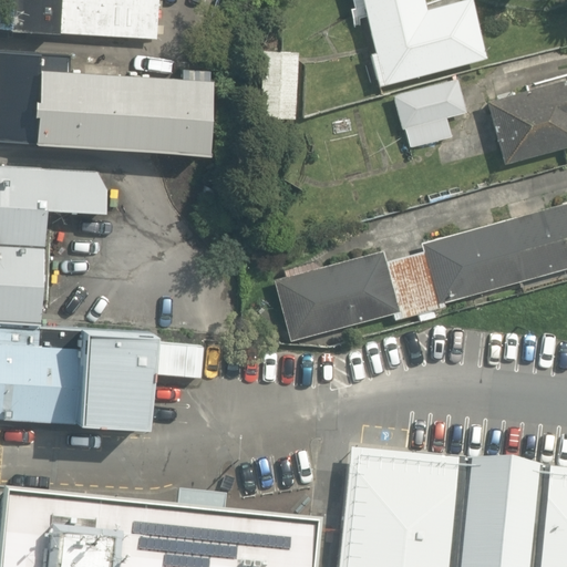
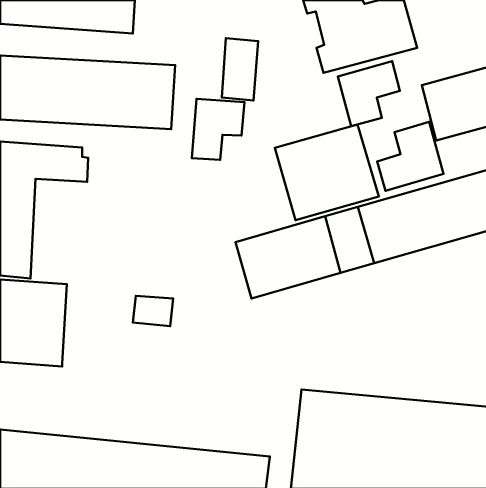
building: none -> [192,99,244,160]
building: none -> [377,122,444,191]
building: none -> [275,125,379,220]
building: [75,330,152,427] -> none

